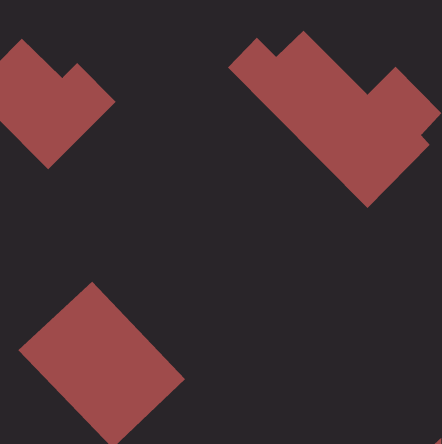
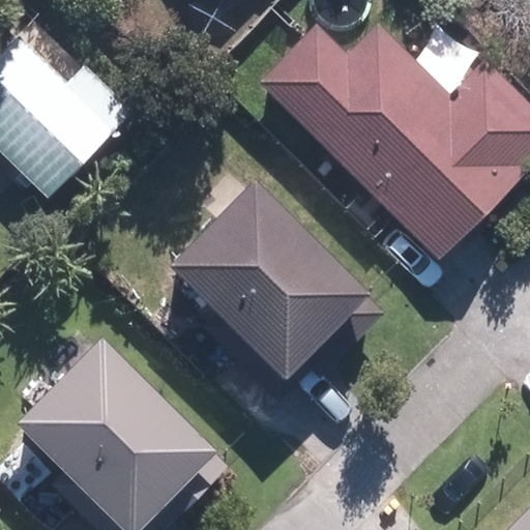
building: none -> [168,179,366,379]

